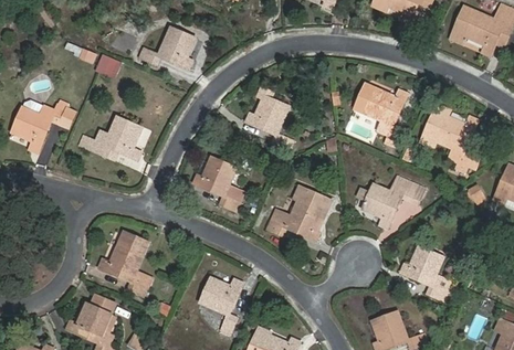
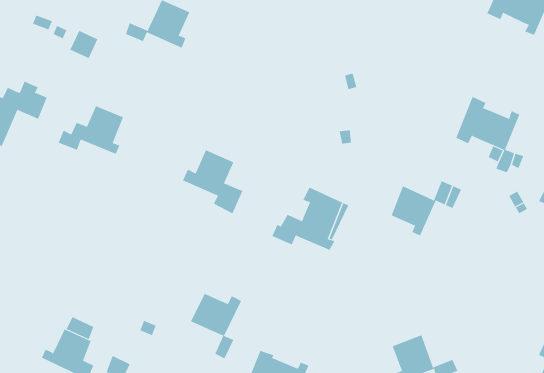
building: [358,86,409,146] -> none
building: [246,93,293,148] -> none
building: [106,233,154,298] -> none
building: [399,247,448,303] -> none

